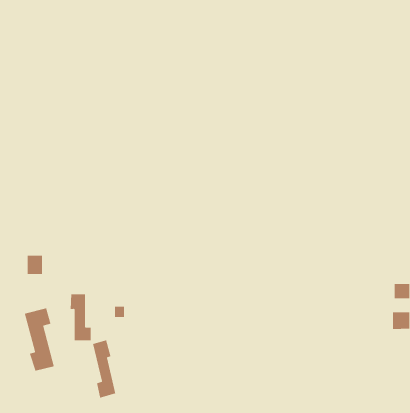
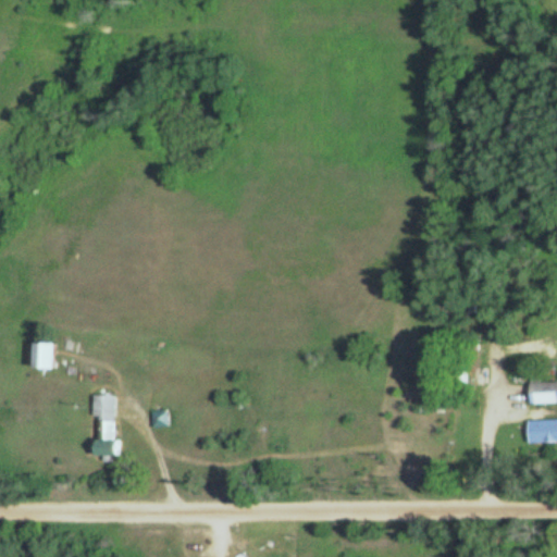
building: [24,308,55,372] -> none
building: [93,340,116,398] -> none

